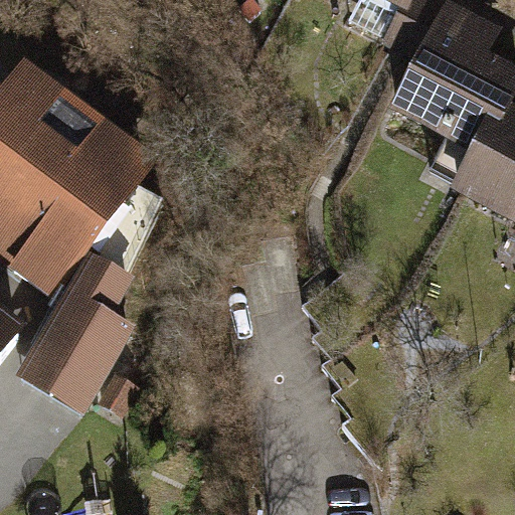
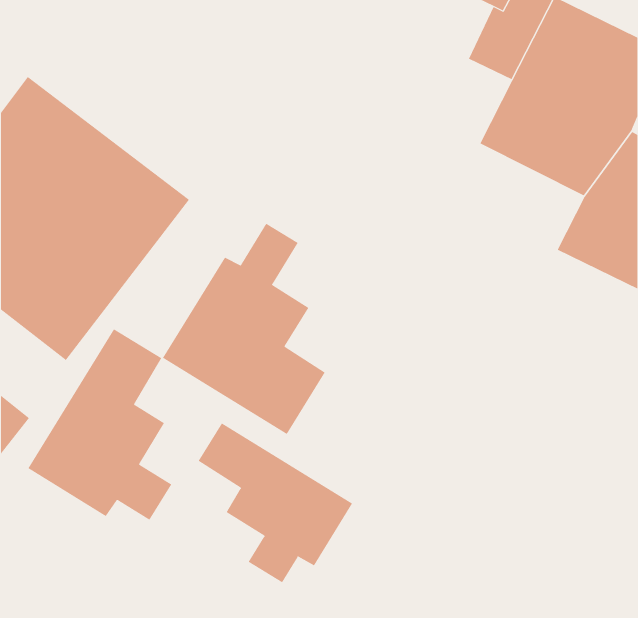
building: none -> [162,223,325,435]
building: none -> [198,422,353,583]

